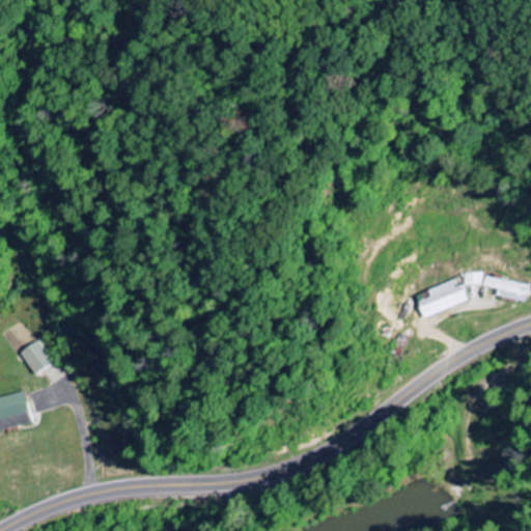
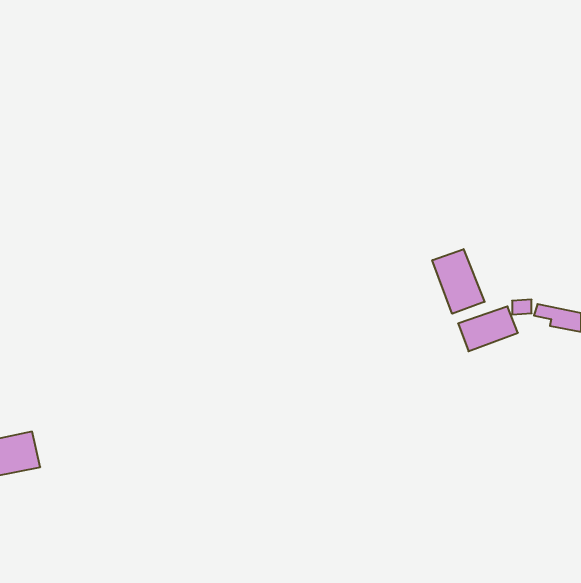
building: none -> [432,249,485,314]
building: [20,339,52,373] -> none

